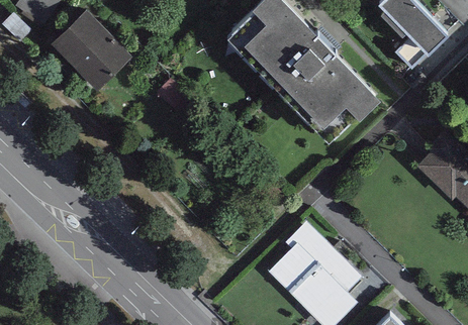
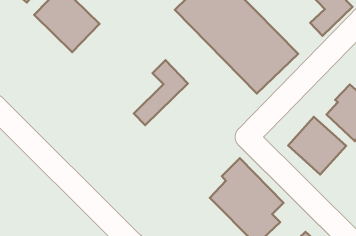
building: none -> [134,60,188,125]
building: none -> [288,117,346,174]

